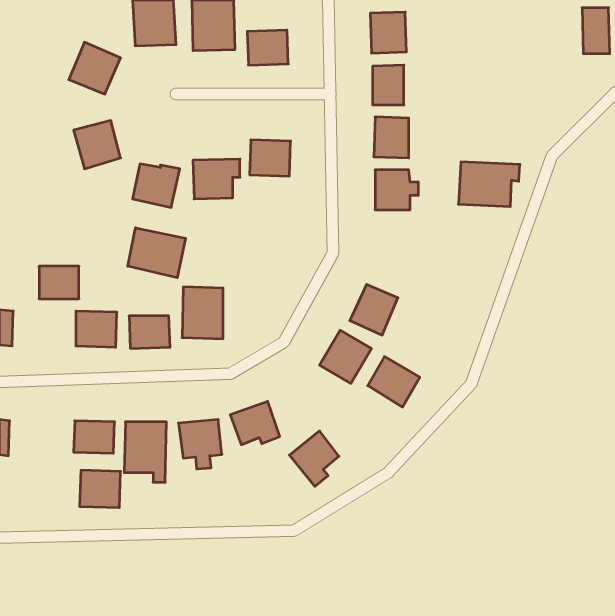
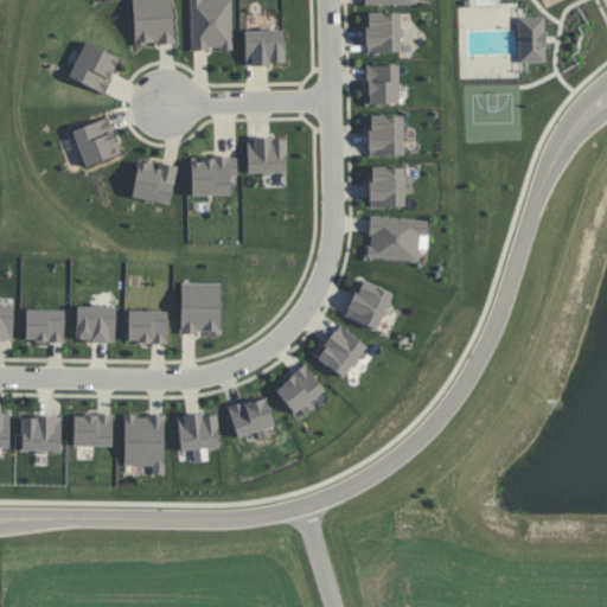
building: [582,8,610,54] -> [517,17,544,62]
building: [458,162,520,207] -> [366,217,427,261]
building: [128,228,186,278] -> none
building: [39,266,79,299] -> [25,309,64,341]
building: [368,357,420,407] -> none
building: [289,431,339,486] -> [275,364,324,418]
building: [80,470,121,508] -> [20,415,60,452]

